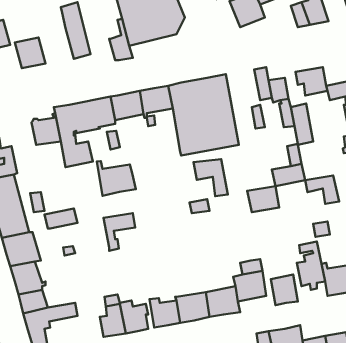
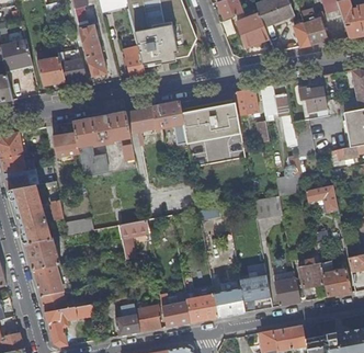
building: none -> [58,53,87,81]
building: none -> [234,88,259,116]
building: [194,159,228,196] -> none
building: [97,161,136,196] -> none

